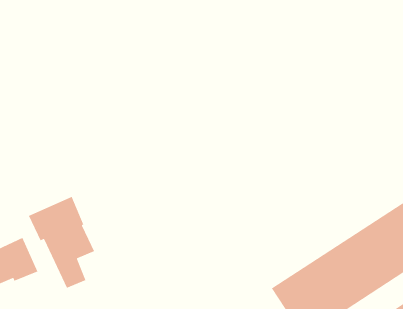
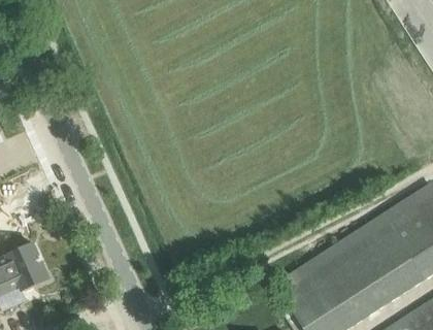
building: [28,196,95,289] -> none

